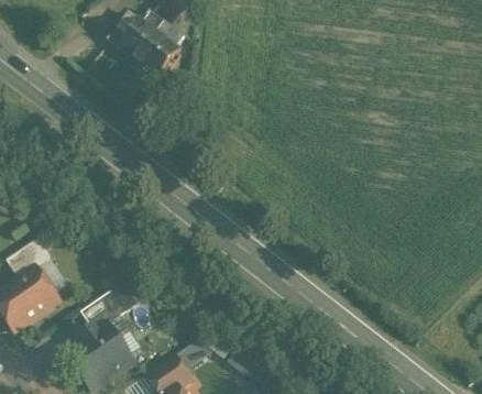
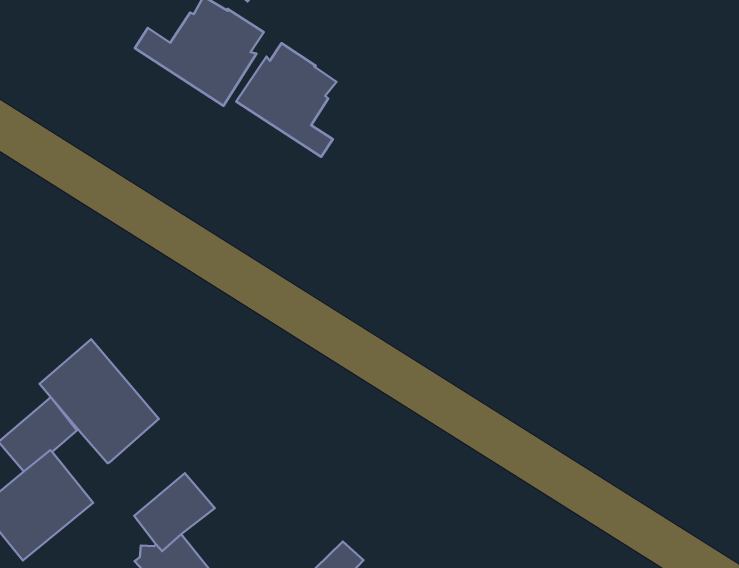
building: none -> [236,43,336,157]
building: none -> [40,339,159,463]

